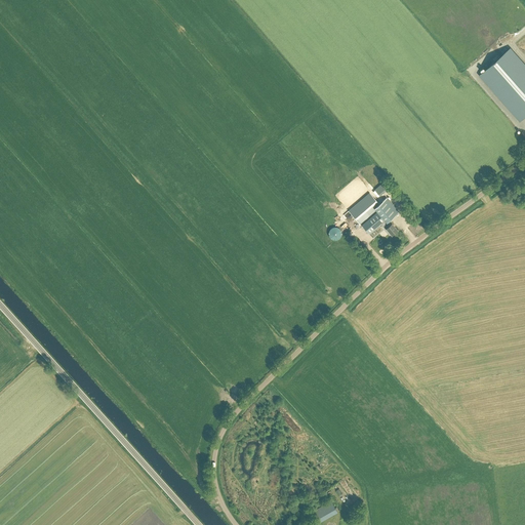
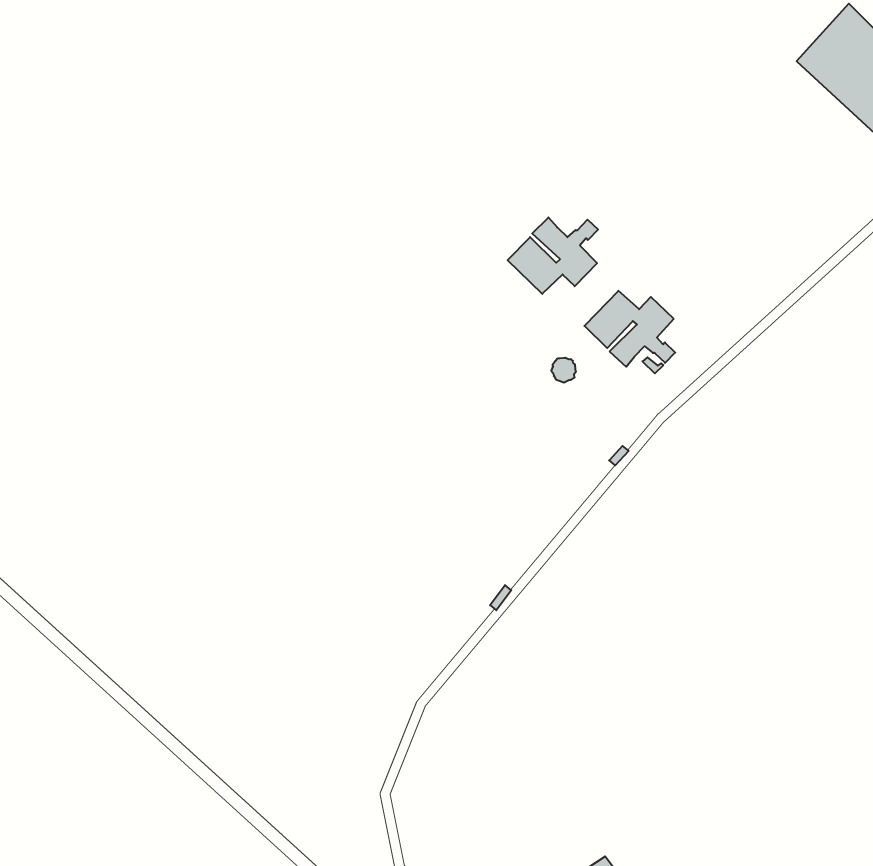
building: none -> [508,217,598,294]

